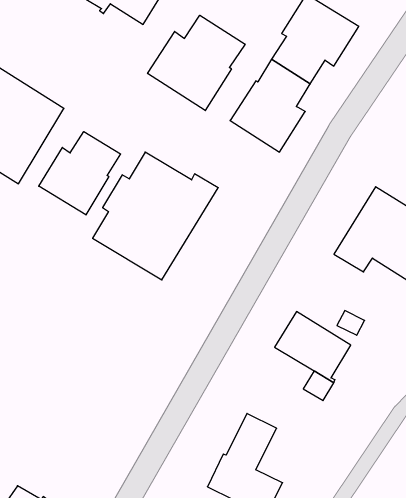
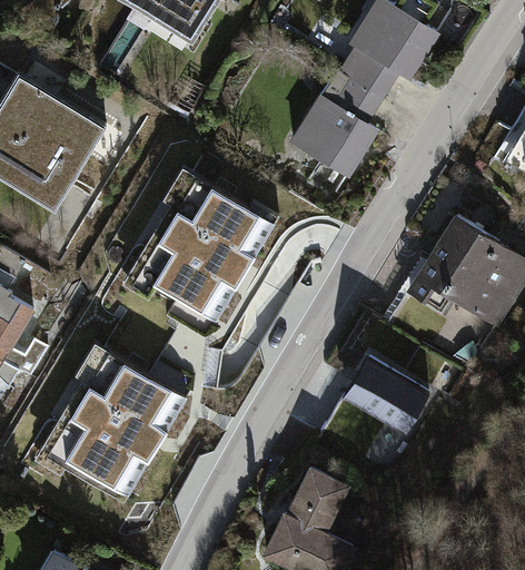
building: [148,15,245,111] -> none
building: [39,132,121,215] -> none
building: none -> [49,352,186,503]

